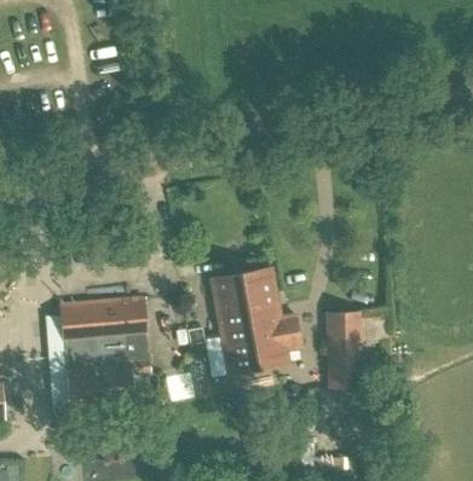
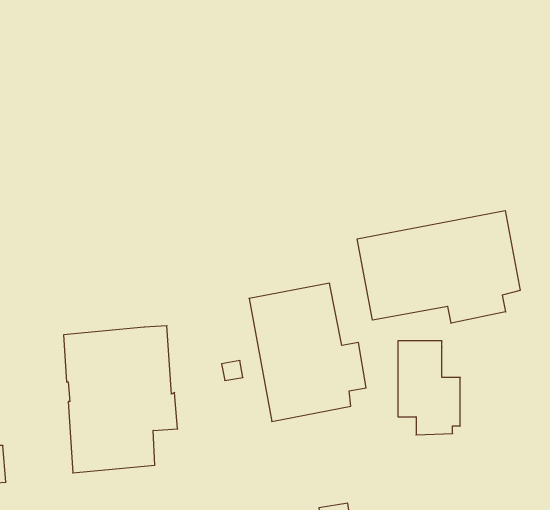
building: none -> [357,211,520,323]

